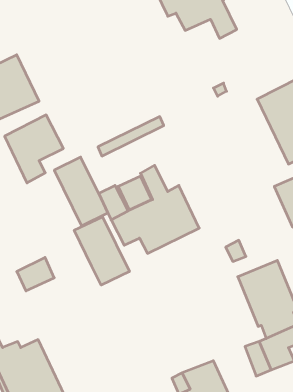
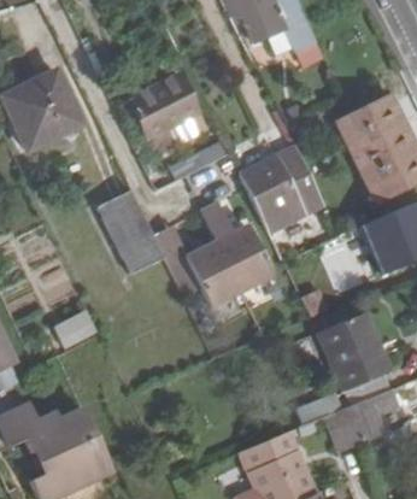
building: [5,115,63,183] -> [129,72,199,153]
building: none -> [241,147,324,231]
building: [74,217,129,285] -> none

